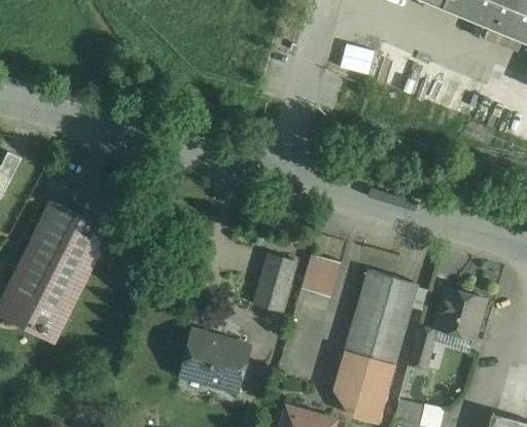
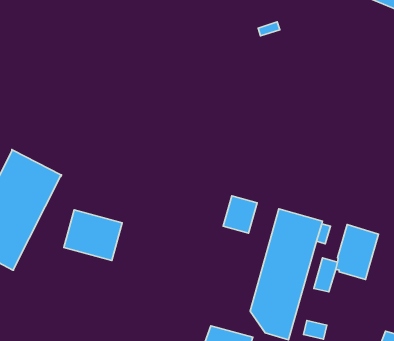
building: [253,252,295,311] -> none
building: [180,330,249,390] -> [64,210,122,261]

